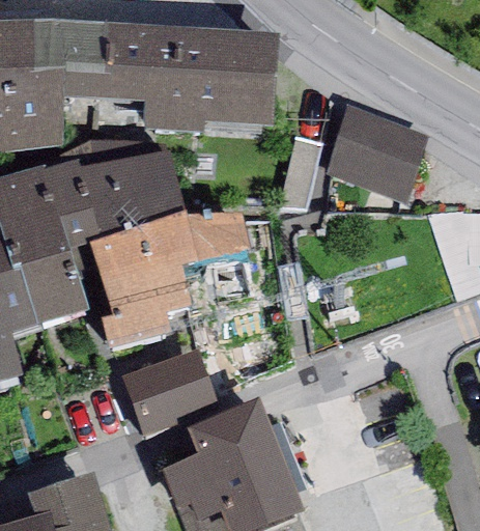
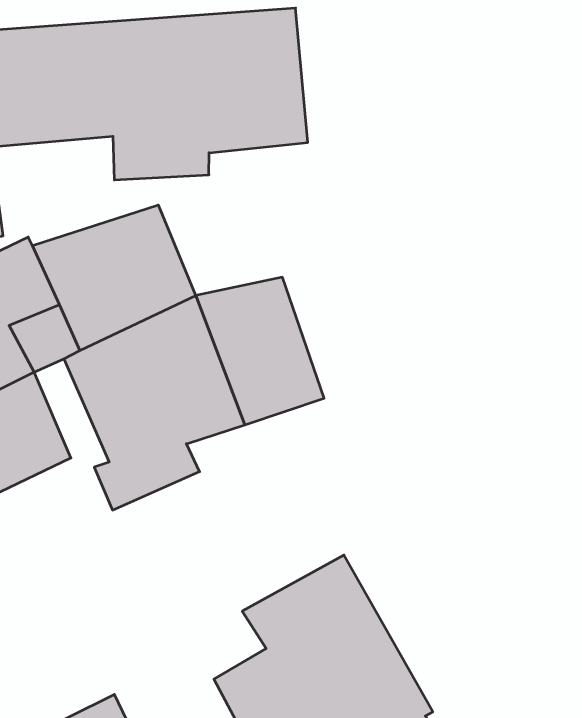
building: [321,107,428,204] -> none
building: [123,350,214,435] -> none

